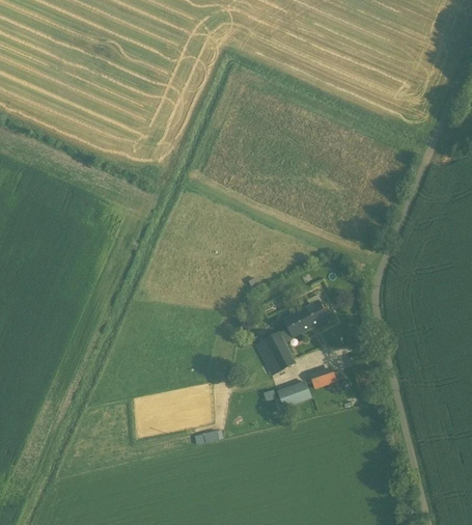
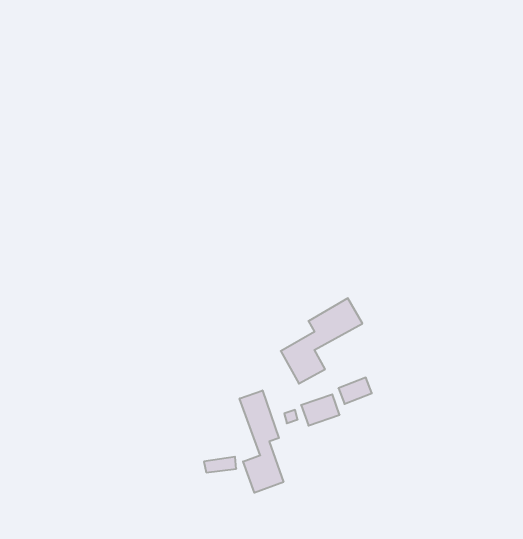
building: none -> [240,390,283,493]

